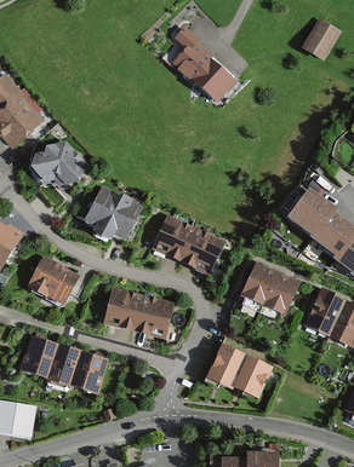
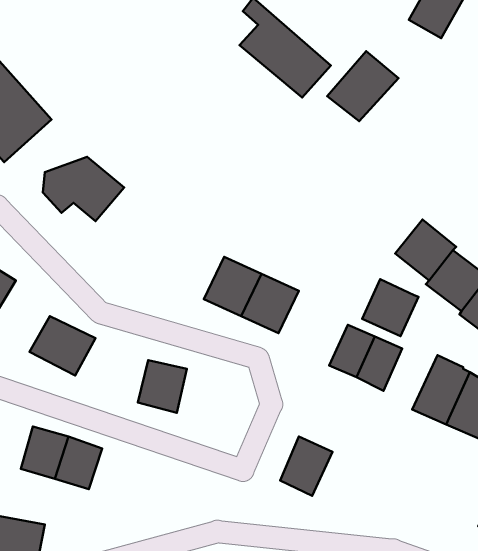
building: none -> [327,51,399,121]
building: [95,189,149,240] -> none
building: none -> [362,279,419,336]
building: [133,296,170,335] -> none
building: [70,353,104,390] -> none
building: [230,356,268,398] -> none

